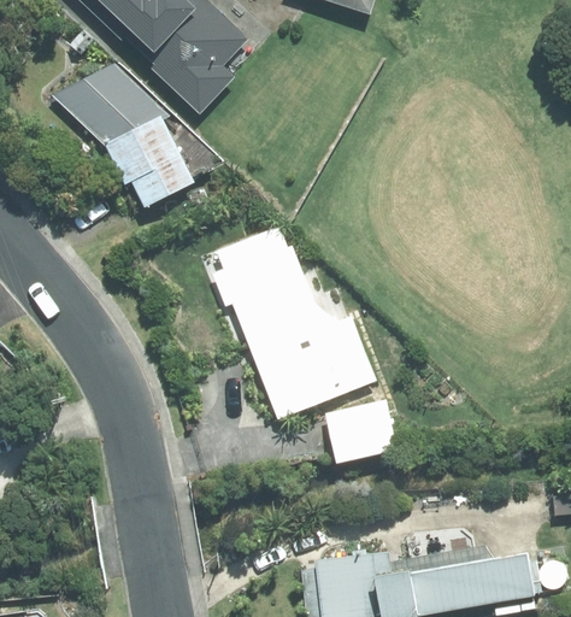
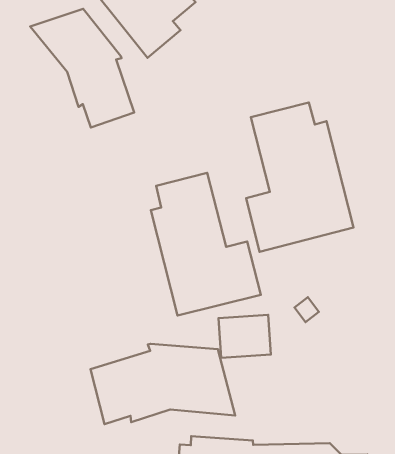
building: none -> [246,103,354,252]
building: none -> [90,344,235,424]

